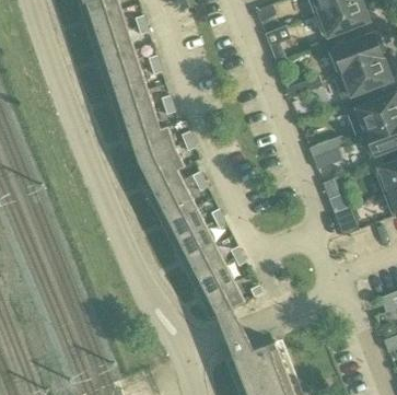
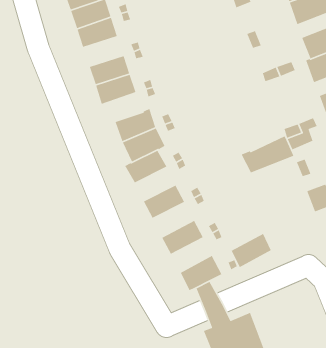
building: [98,50,142,82] -> none
building: [118,109,162,143] -> none
building: none -> [241,135,294,174]
building: [153,188,197,224] -> none
building: [172,225,217,263] -> none
building: [191,263,235,300] -> [230,233,272,268]

